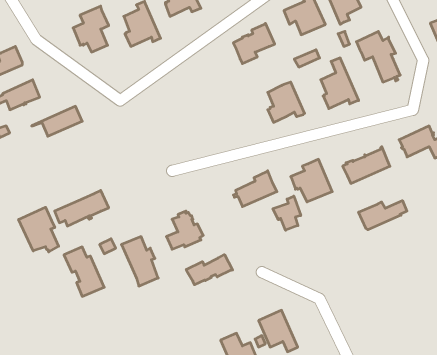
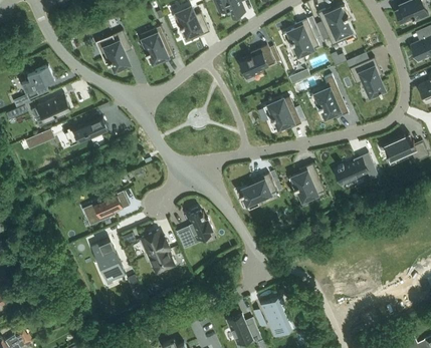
building: [273,196,301,230] -> none
building: [359,201,407,230] -> none
building: [19,207,59,252] -> none
building: [186,255,233,285] -> none

